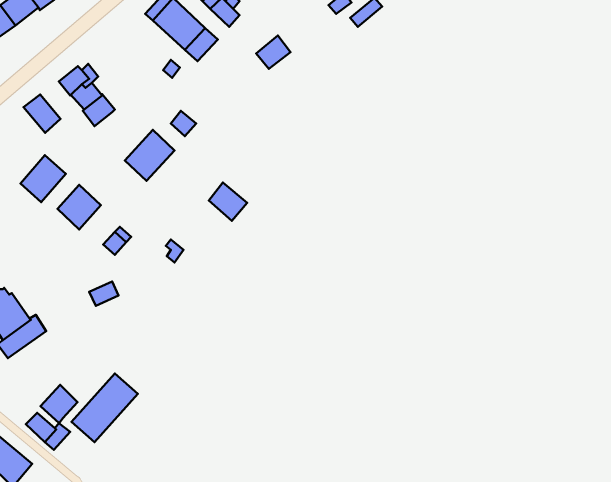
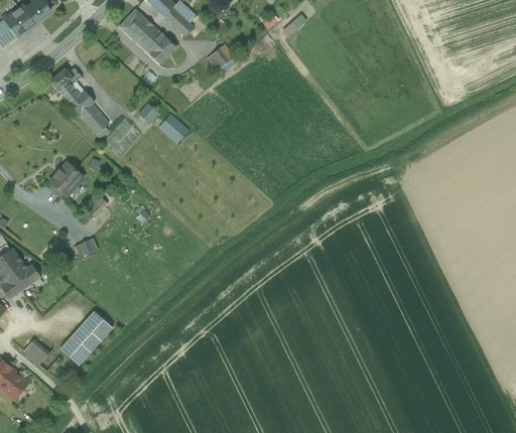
building: [23,94,60,133] -> [80,104,109,134]
building: [20,155,66,202] -> none
building: [209,182,247,221] -> [158,114,188,144]
building: [40,385,78,423] -> none

